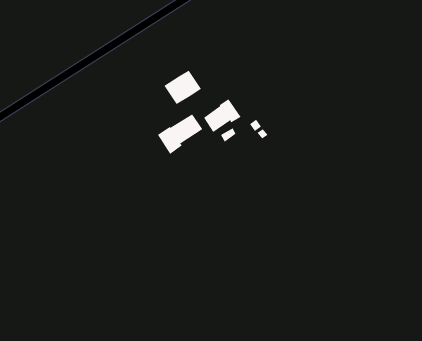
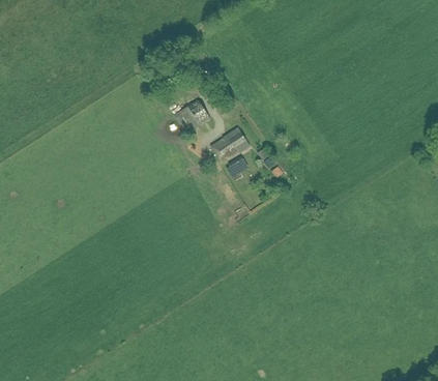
building: [157,114,203,155] -> none

